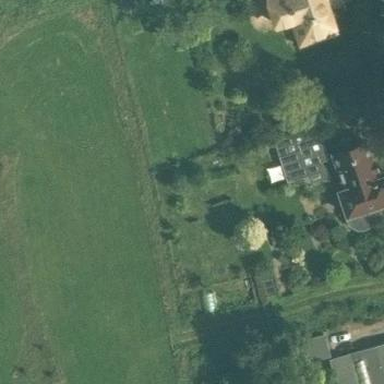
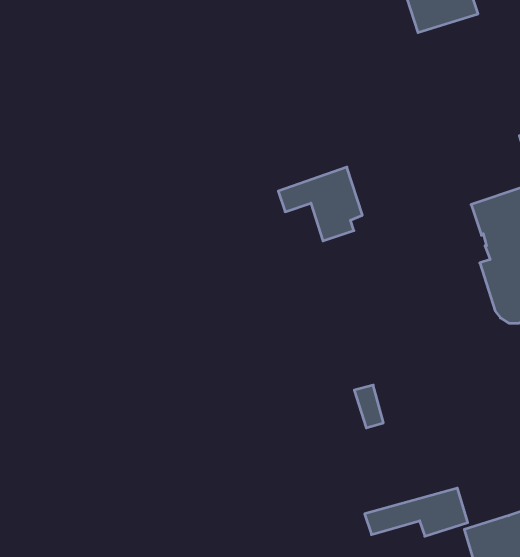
building: [275,129,328,176] -> [278,167,362,241]

